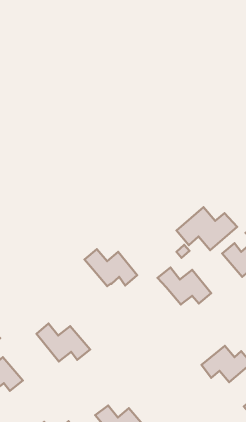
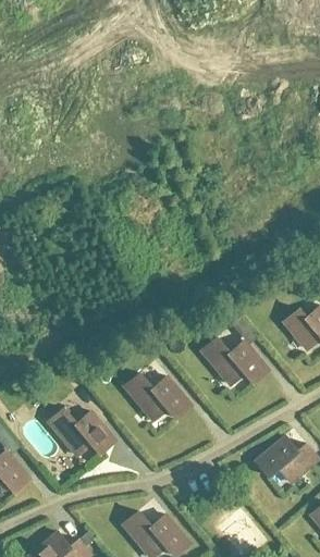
building: [176,207,237,250] -> none
building: [85,249,137,286] -> [124,373,190,420]

